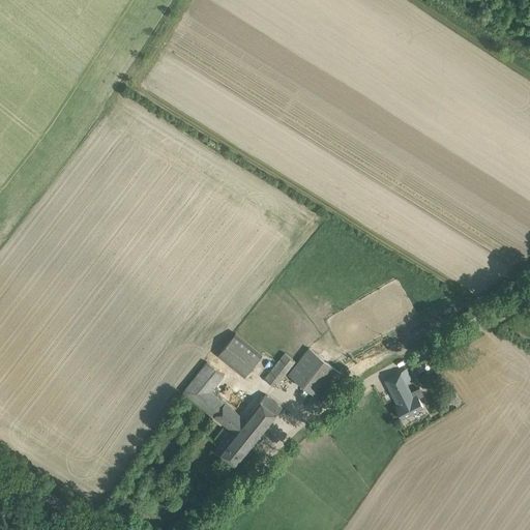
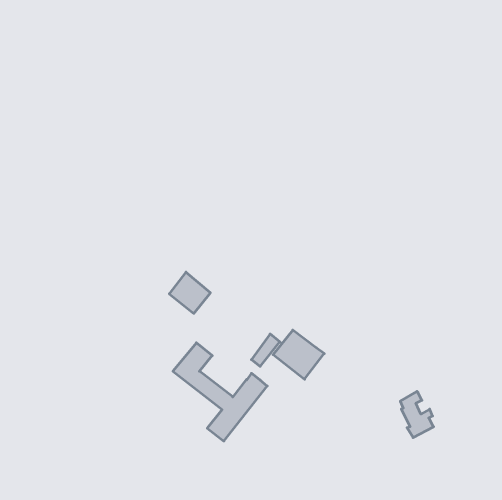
building: [218,334,262,378] -> [169,272,210,313]
building: [388,371,423,419] -> [400,391,434,438]

